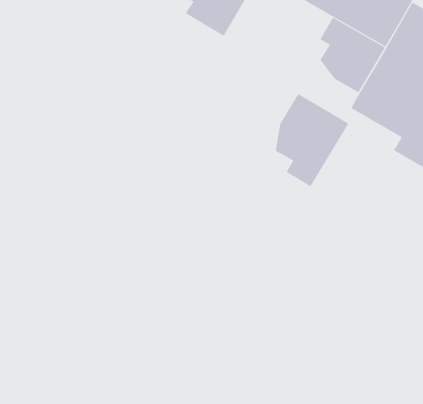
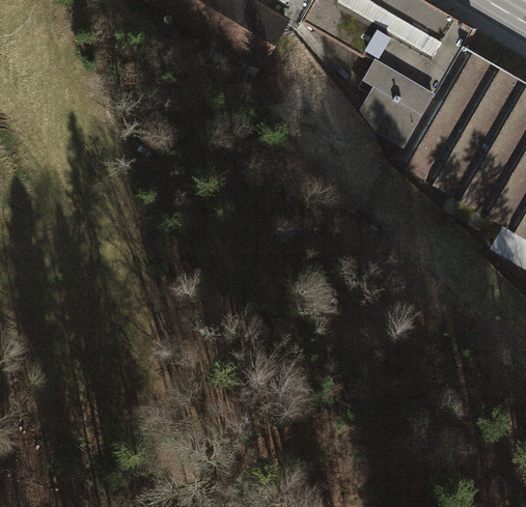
building: [275,93,349,187] -> none

